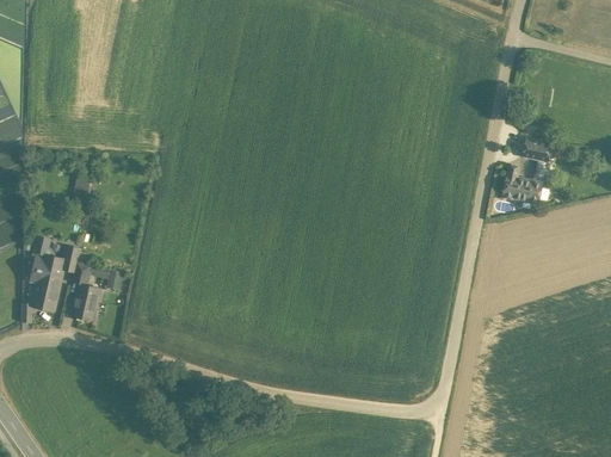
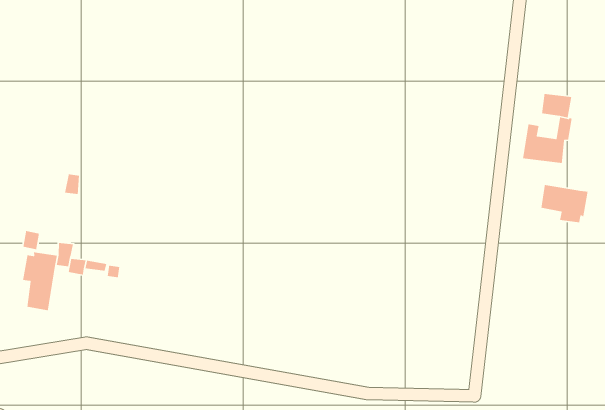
building: none -> [541,184,589,223]
building: [70,284,98,320] -> none

